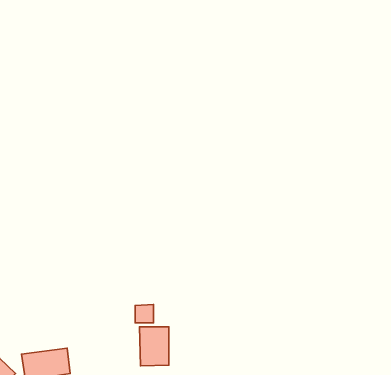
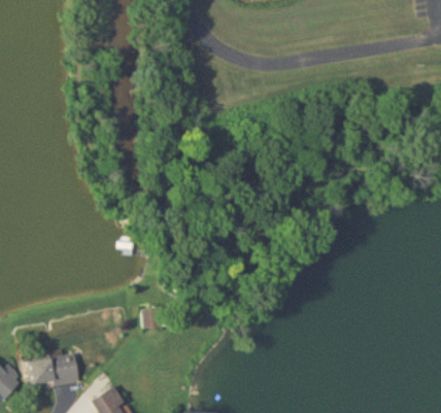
building: [140,327,169,366] -> none

